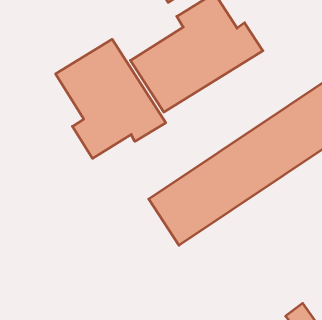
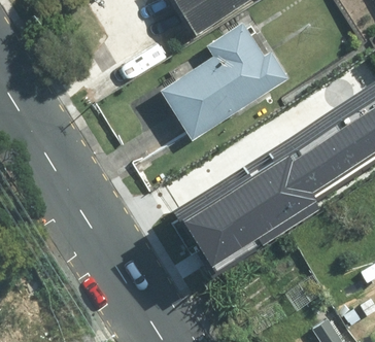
building: [56,39,166,158] -> none

